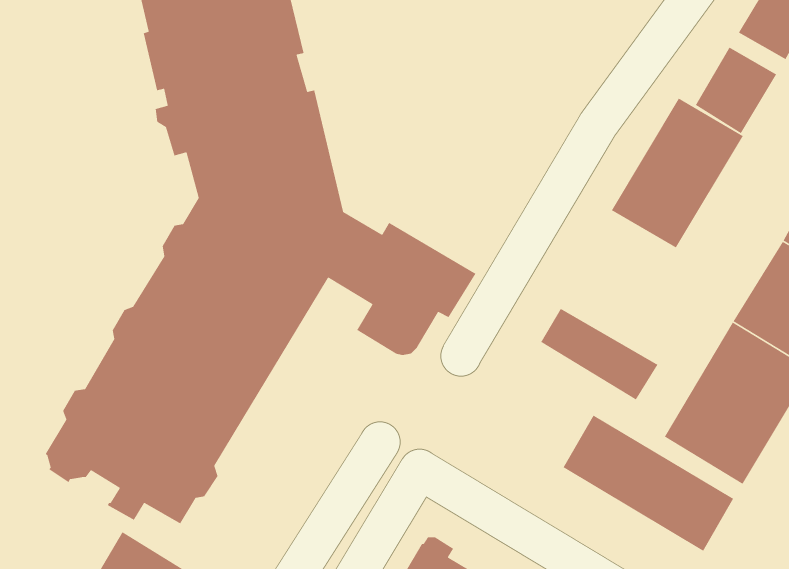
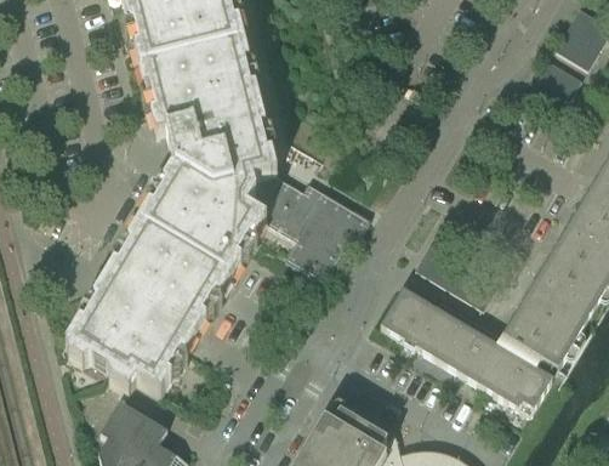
building: [611,98,744,249] -> none
building: none -> [379,286,451,354]

